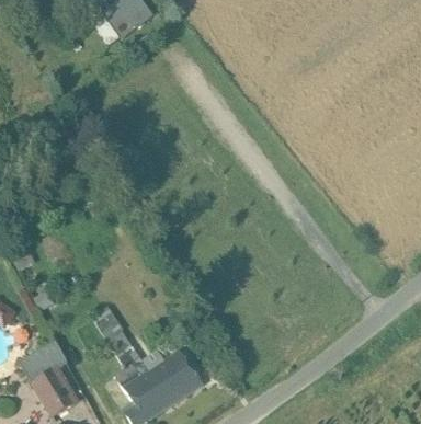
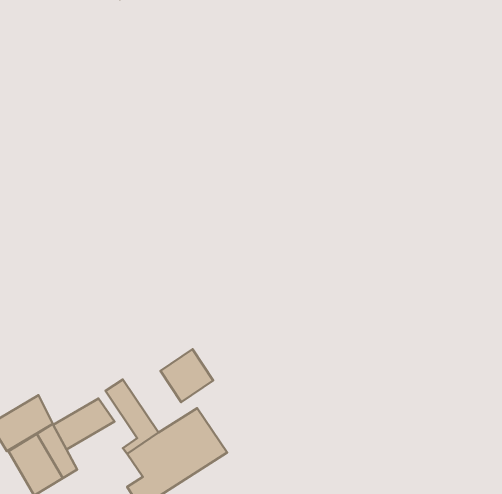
building: none -> [161,349,213,402]
building: none -> [53,399,114,449]

